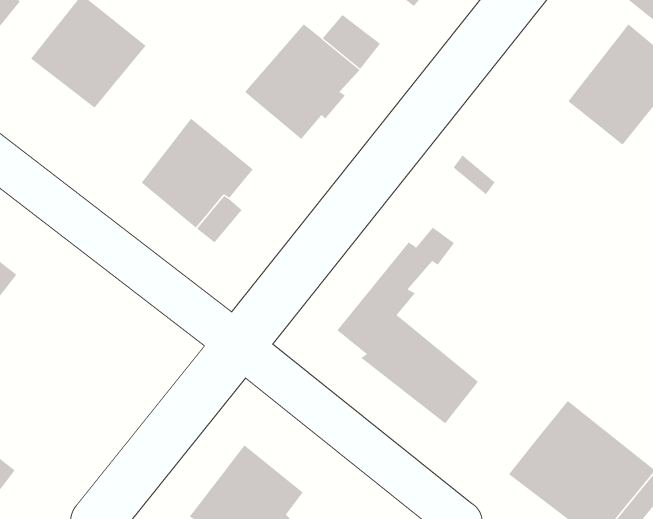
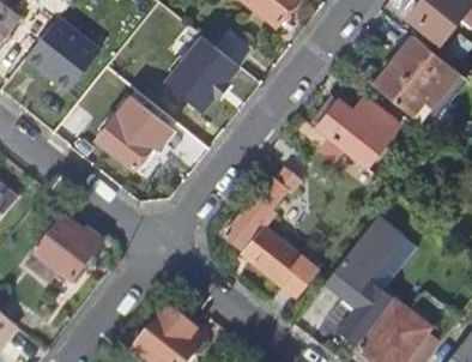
building: none -> [319,99,395,164]
building: none -> [325,210,412,306]
building: none -> [24,217,102,283]

